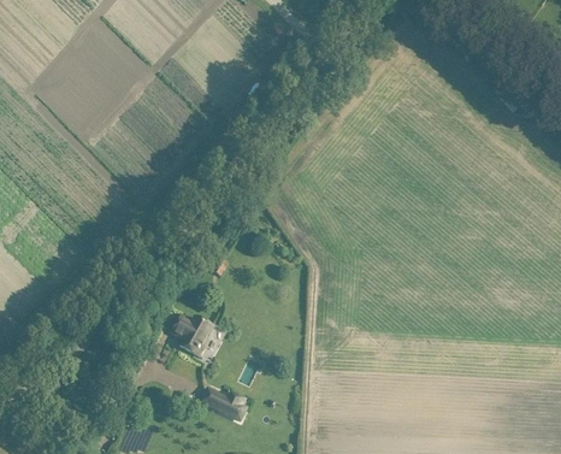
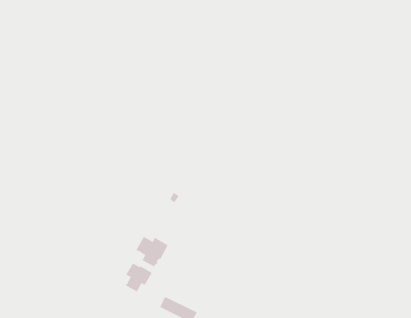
building: none -> [125,263,152,292]

